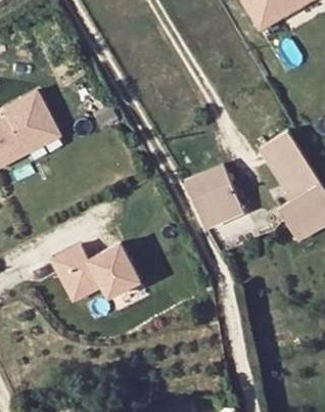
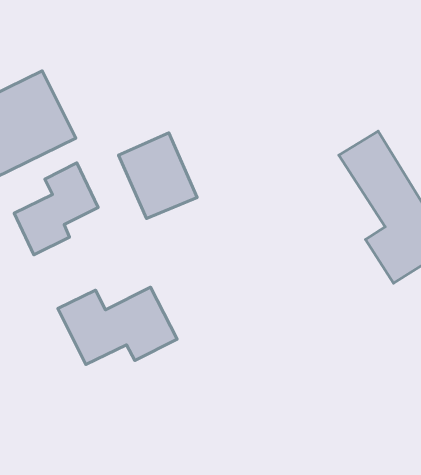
building: none -> [14,163,98,255]
building: [185,165,242,227] -> [118,133,197,219]

